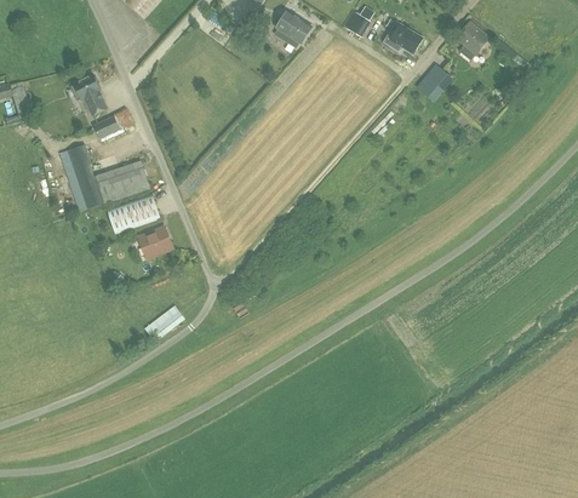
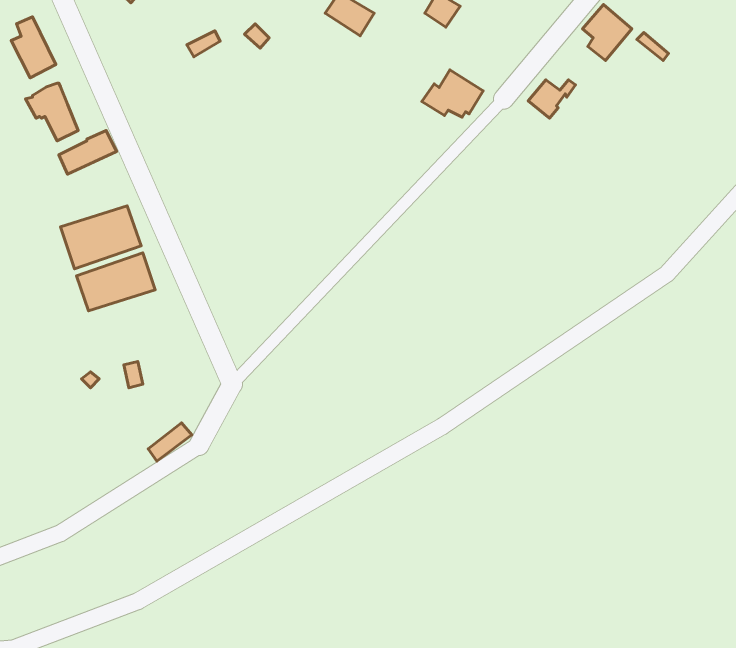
building: [379,22,422,55] -> [422,70,483,117]
building: none -> [11,17,56,78]
building: [68,143,101,207] -> none
building: [137,225,172,257] -> none

